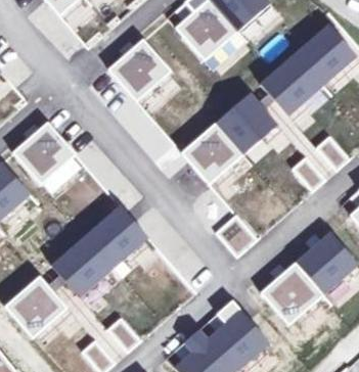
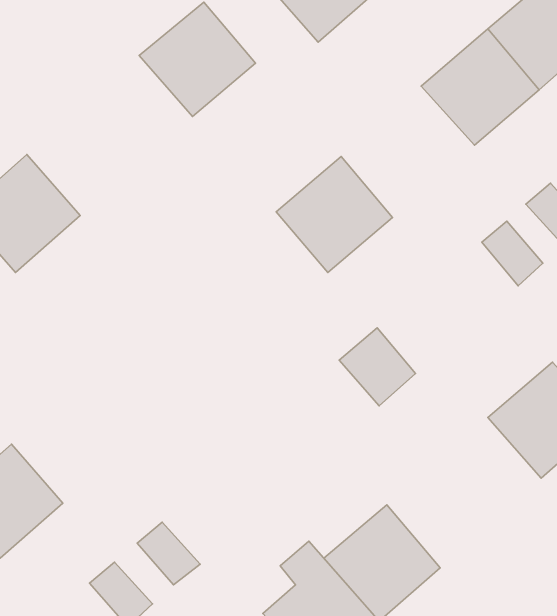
building: [216,93,277,154] -> none
building: [86,204,148,267] -> none
building: [45,239,108,301] -> none
building: [260,262,323,325] -> none

